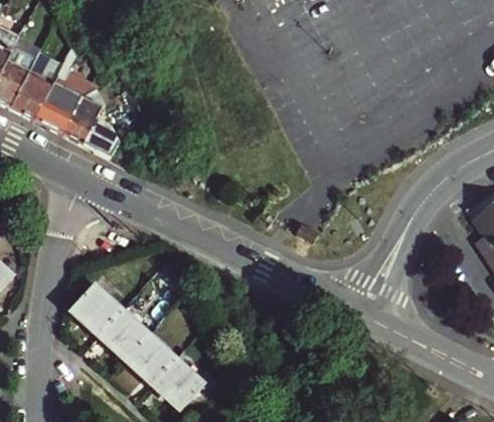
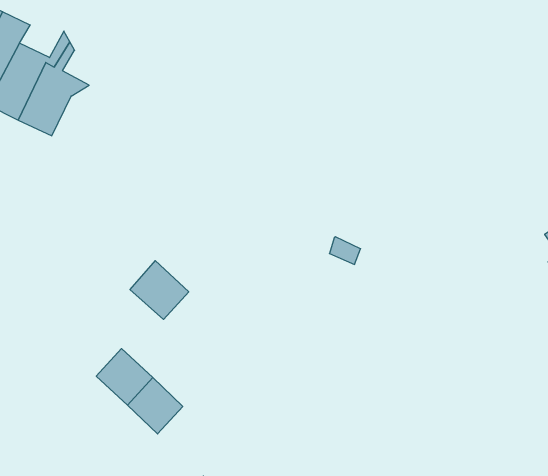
building: [61,89,117,156] -> none
building: [70,284,120,334] -> [130,261,189,319]
building: [150,359,198,407] -> none

